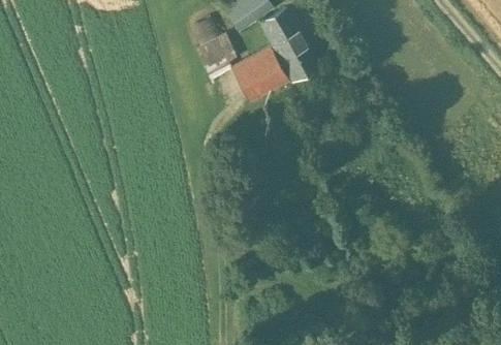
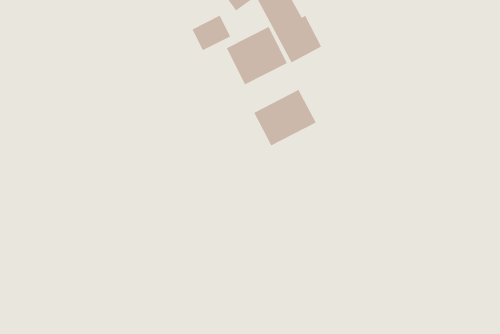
building: none -> [253,89,317,146]

